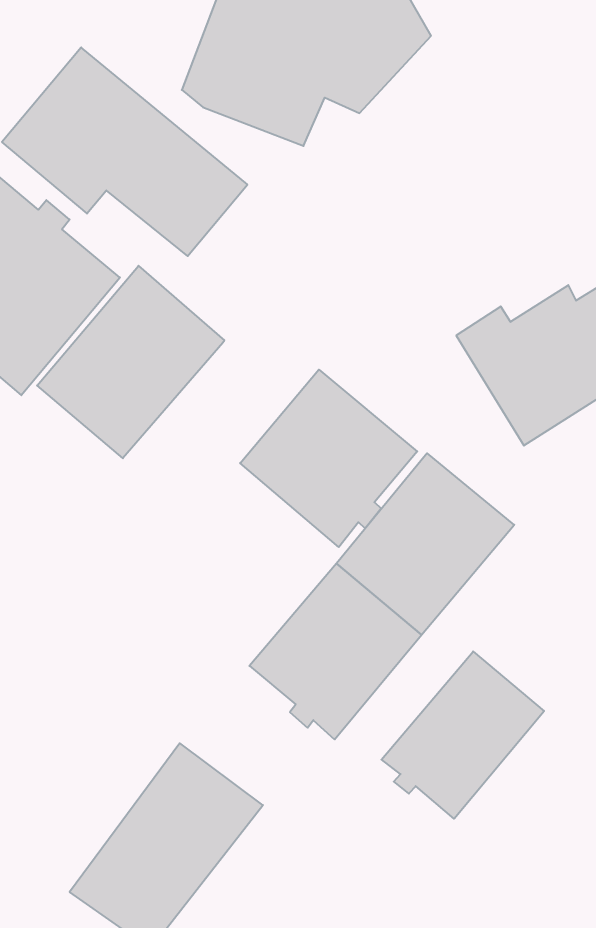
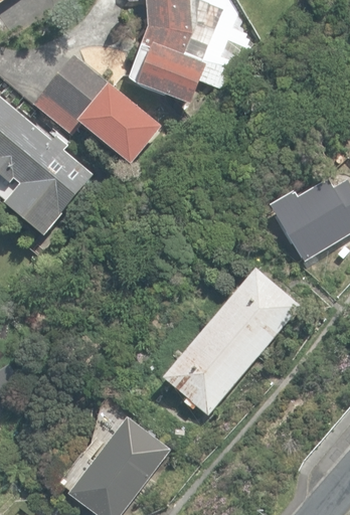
building: [37,266,224,458] -> none
building: [240,370,417,547] -> none
building: [381,651,544,819] -> none

